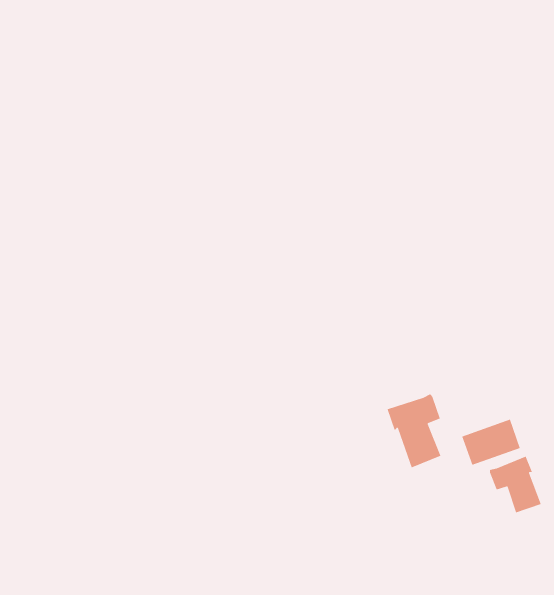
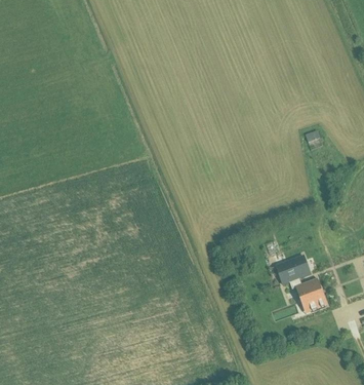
building: [386,393,442,469] -> none

